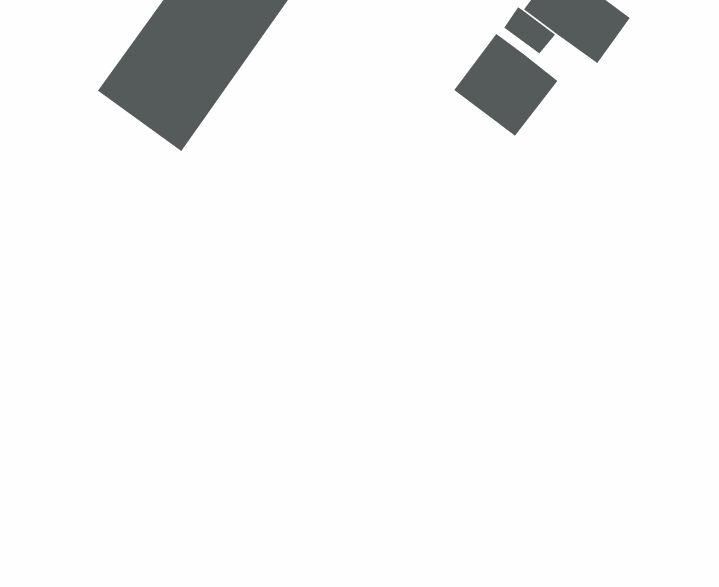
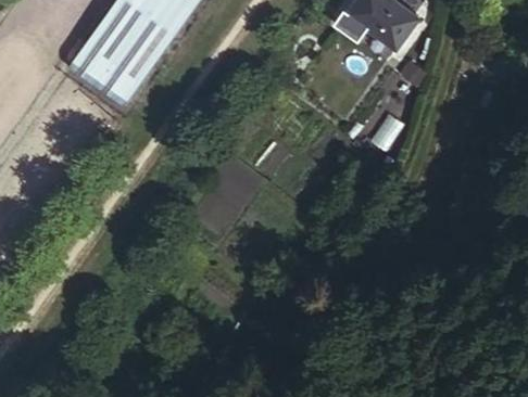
building: [453,33,559,137] -> none

